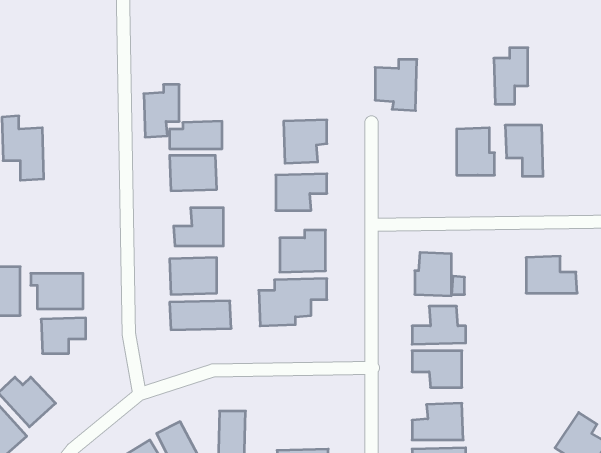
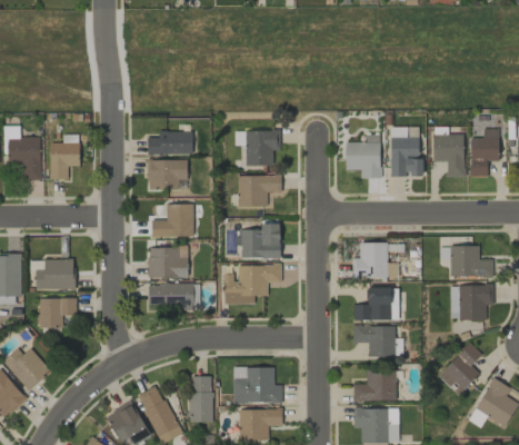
building: [494,48,528,104] -> [470,128,499,176]
building: [375,59,417,111] -> [346,135,381,178]
building: [144,85,179,137] -> [49,135,79,179]
building: none -> [459,284,495,320]
building: none -> [438,342,482,394]
building: none -> [232,366,282,403]

